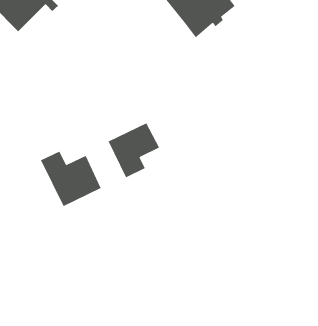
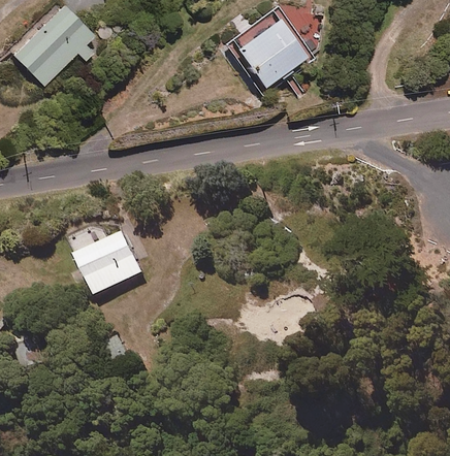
building: [108,122,160,178] -> none

